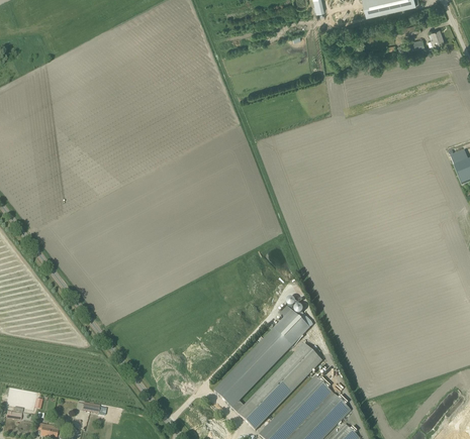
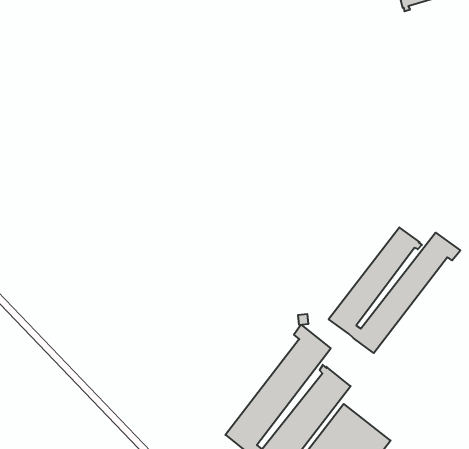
building: none -> [329,227,460,353]

